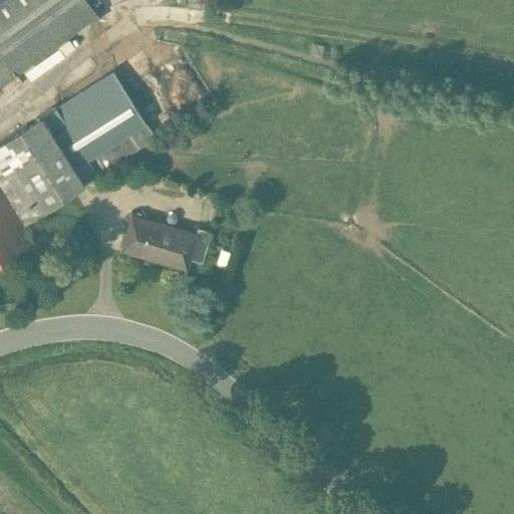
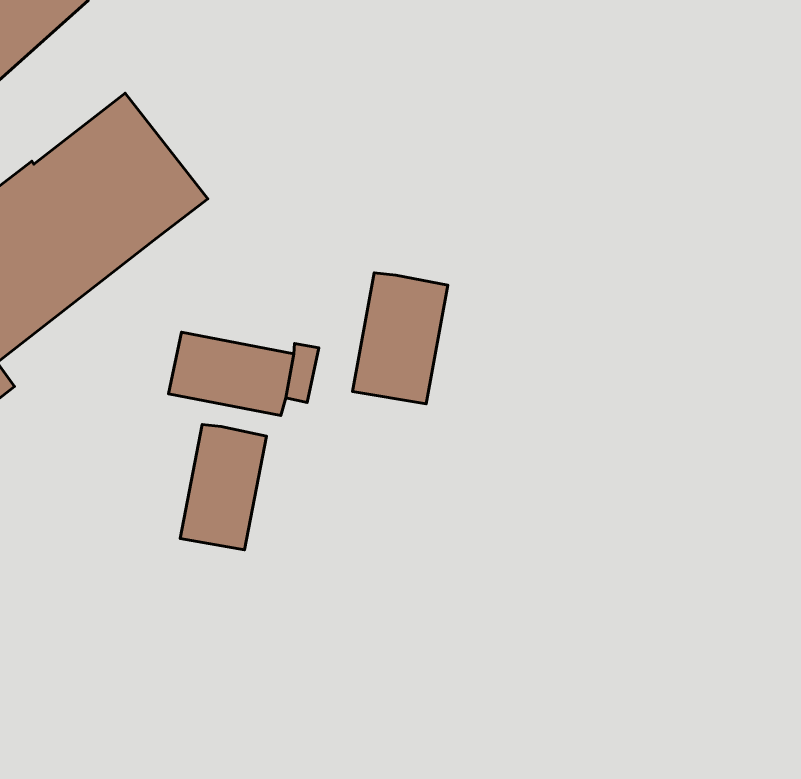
building: none -> [353,273,448,404]
building: none -> [180,425,267,550]

